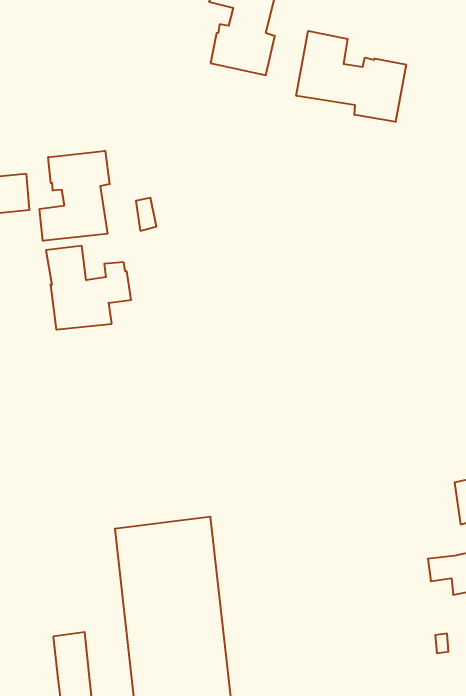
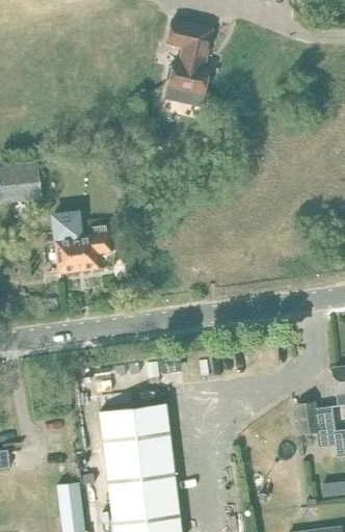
building: [296,31,406,122] -> none
building: [40,151,110,241] -> none
building: none -> [295,401,336,434]

